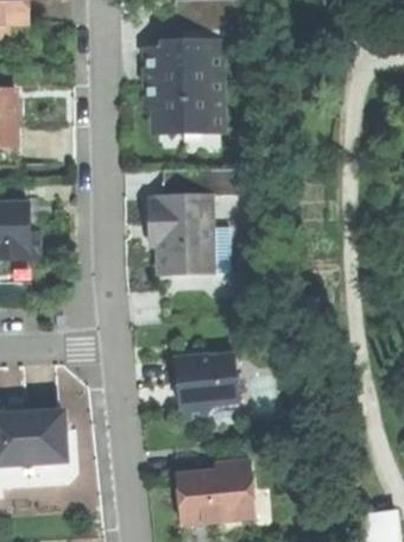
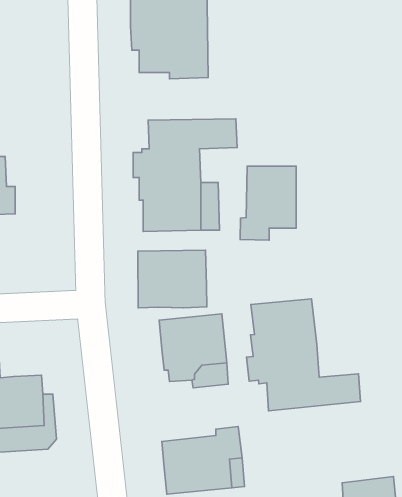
building: none -> [240,166,296,240]
building: none -> [138,250,207,308]
building: none -> [246,299,360,411]

